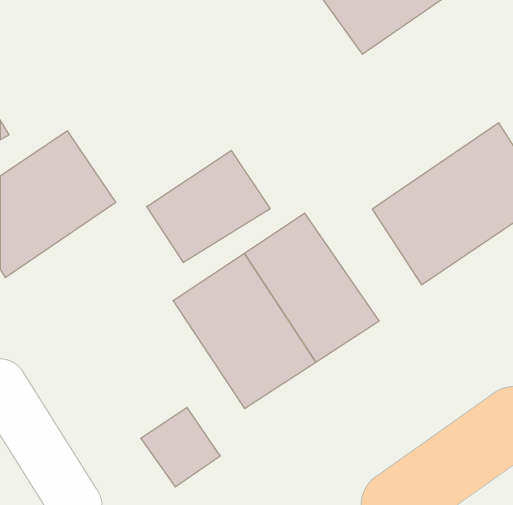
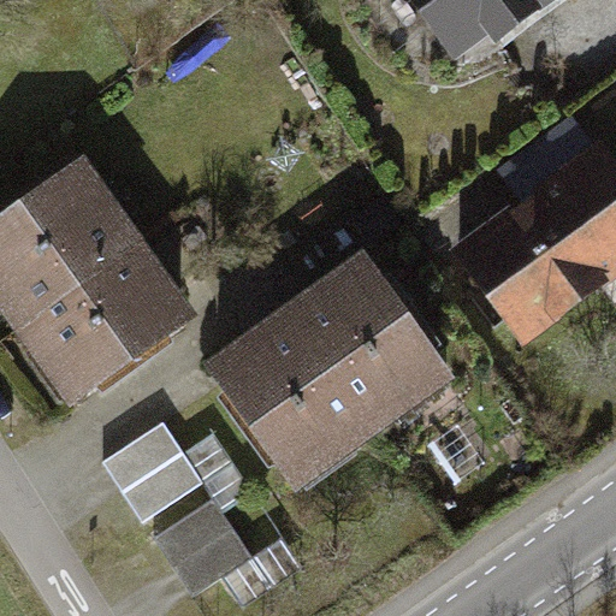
building: [147,150,270,263] -> none
building: none -> [7,242,195,408]
building: none -> [118,414,215,511]

